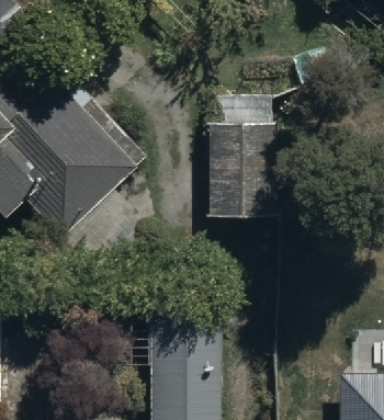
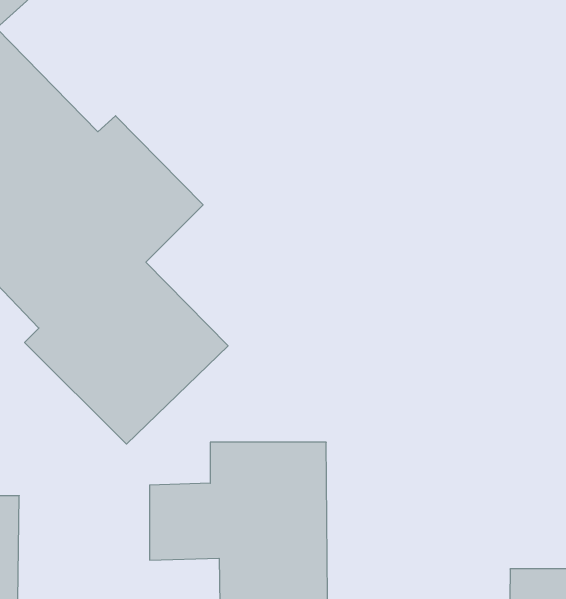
building: [202,120,284,217] -> none

